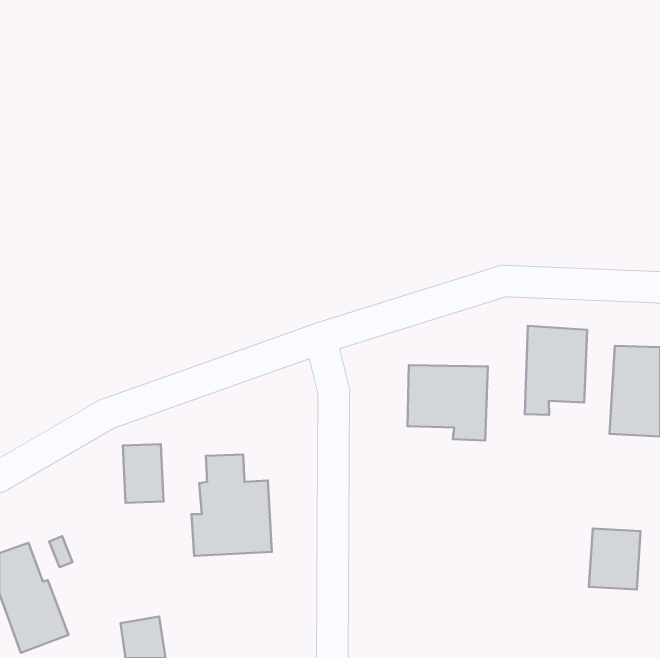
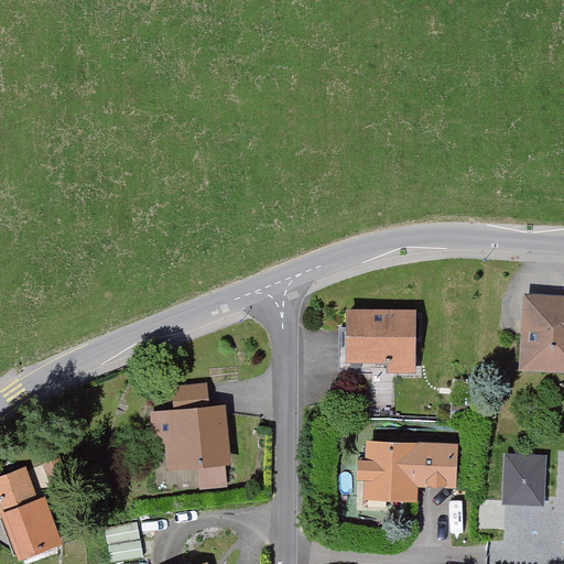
building: [525,326,587,415] -> none
building: [123,444,164,503] -> none
building: none -> [358,441,458,502]

